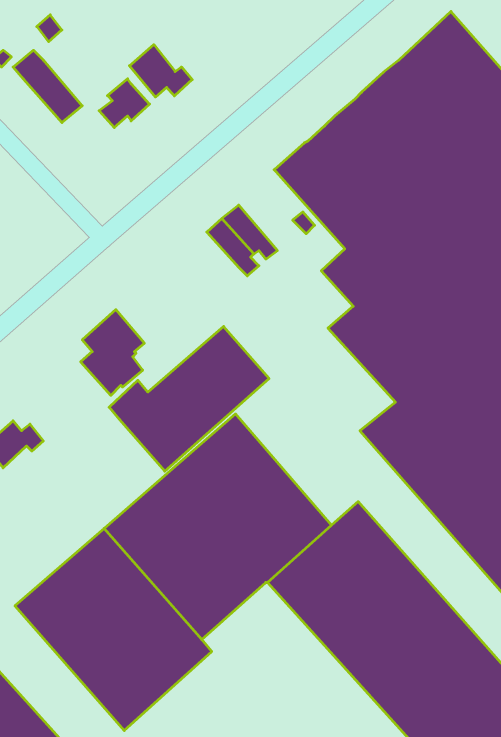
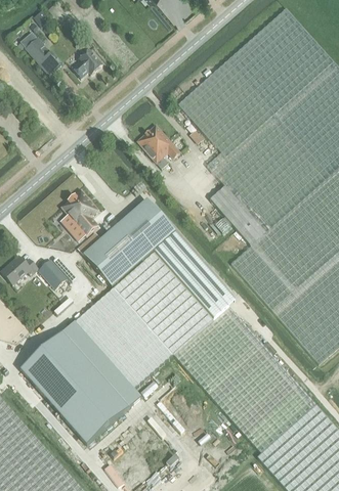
building: [129,45,192,97] -> none
building: none -> [154,231,236,319]
building: none -> [39,260,68,288]

